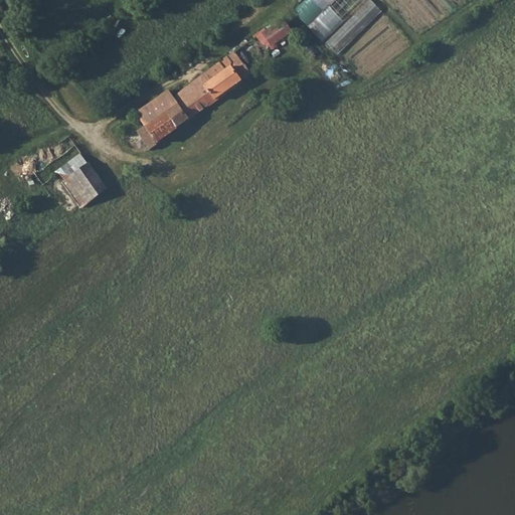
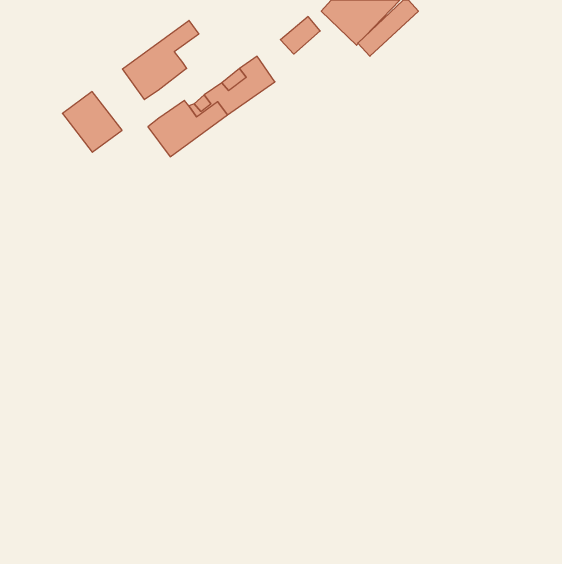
building: none -> [122,20,199,100]
building: [48,156,103,211] -> [62,92,122,152]

